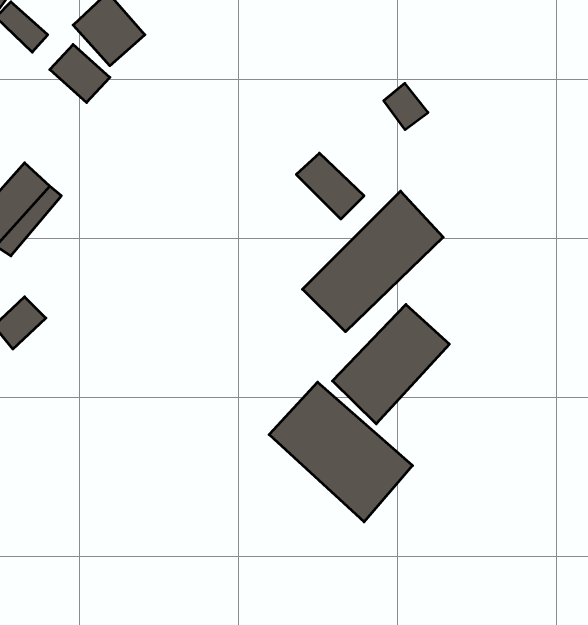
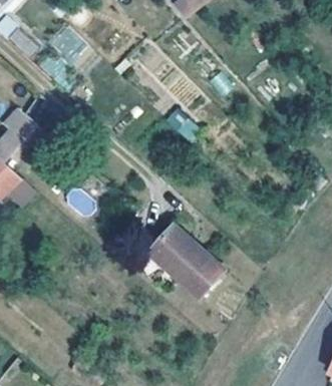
building: [302,191,443,332] -> none
building: [332,304,449,424] -> none

